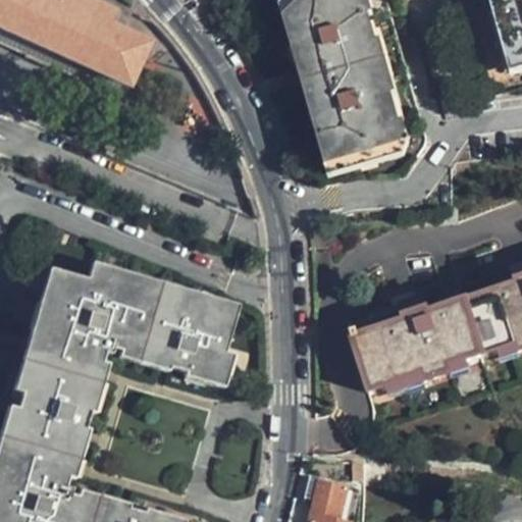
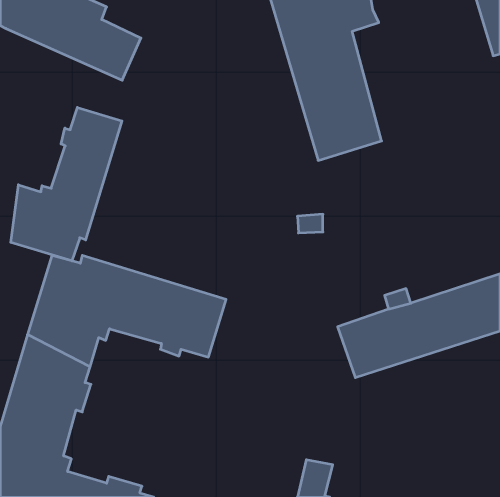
building: none -> [11,107,122,261]

